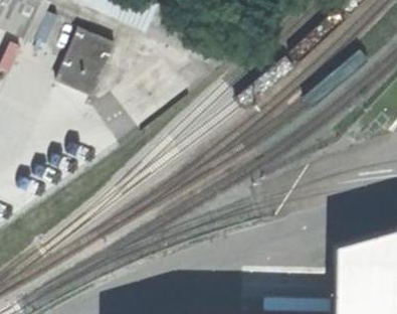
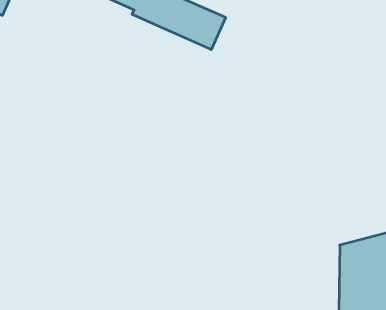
building: [56,30,117,100] -> none

